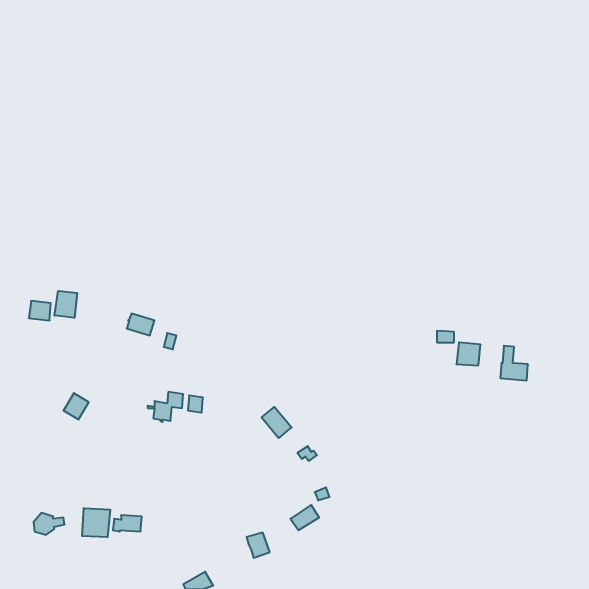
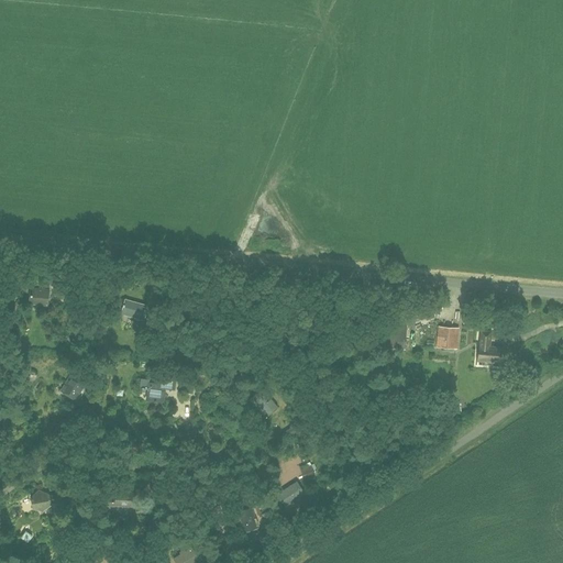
building: [54,291,77,318] -> none
building: [82,508,110,537] -> none

